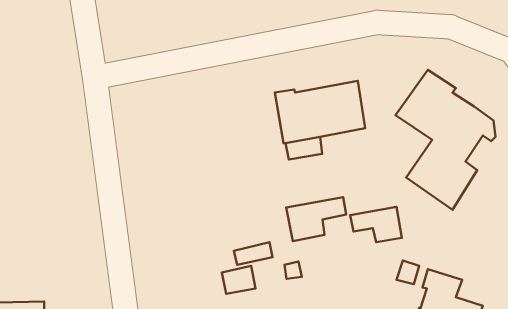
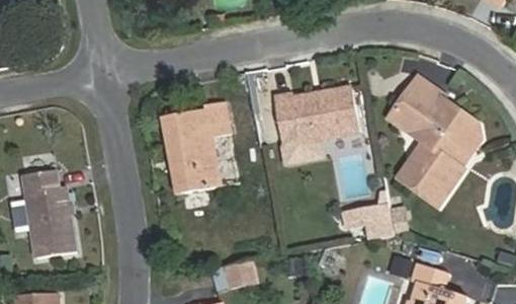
building: none -> [160,101,228,195]
building: none -> [22,170,75,257]
building: [286,197,346,241] -> none

